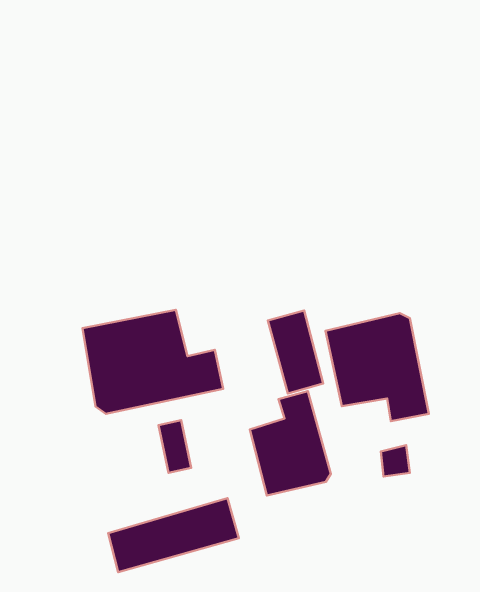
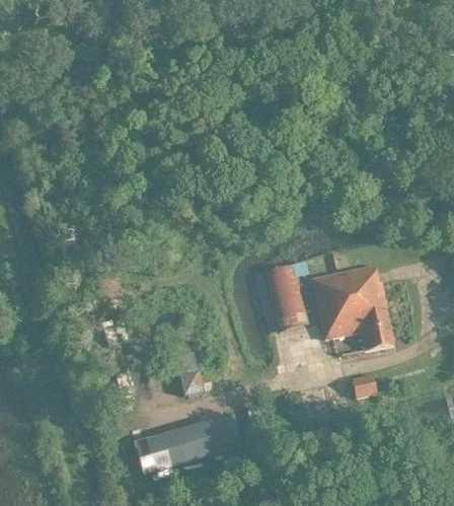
building: [82,310,223,414] -> none
building: [250,391,331,496] -> none

